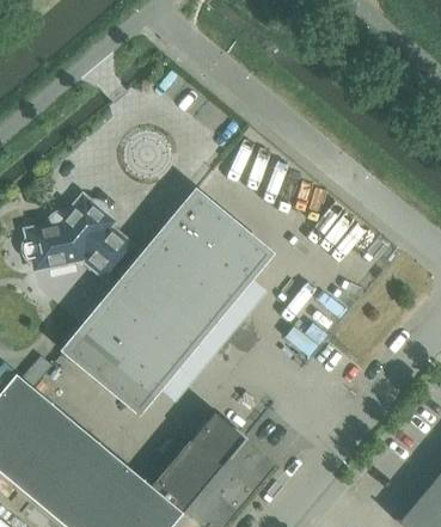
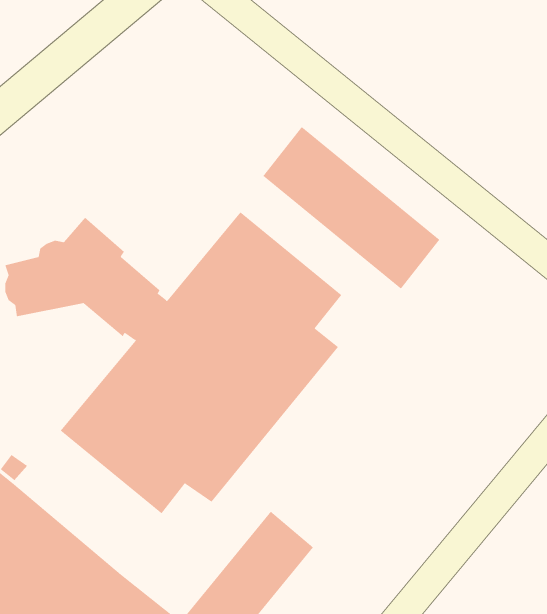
building: none -> [262,126,440,290]

